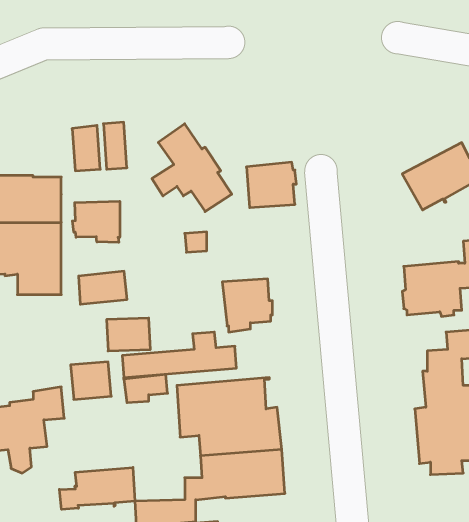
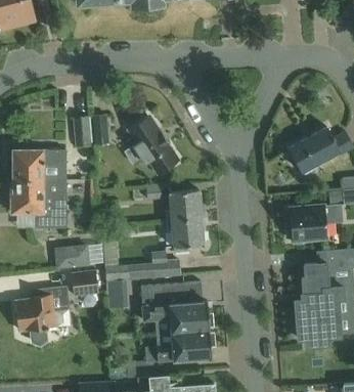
building: [246,162,296,208] -> [169,189,202,219]
building: [72,201,120,242] -> none
building: [79,271,127,304] -> [56,247,88,268]
building: [59,467,135,509] -> none

